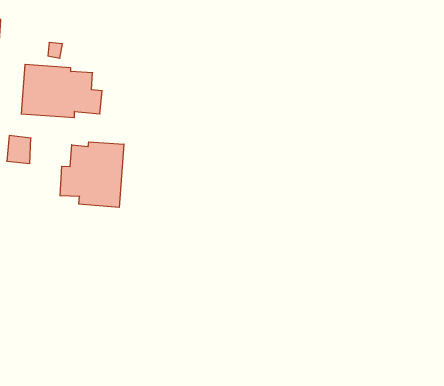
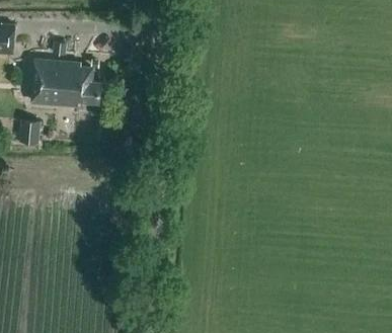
building: [60,142,124,207] -> none

